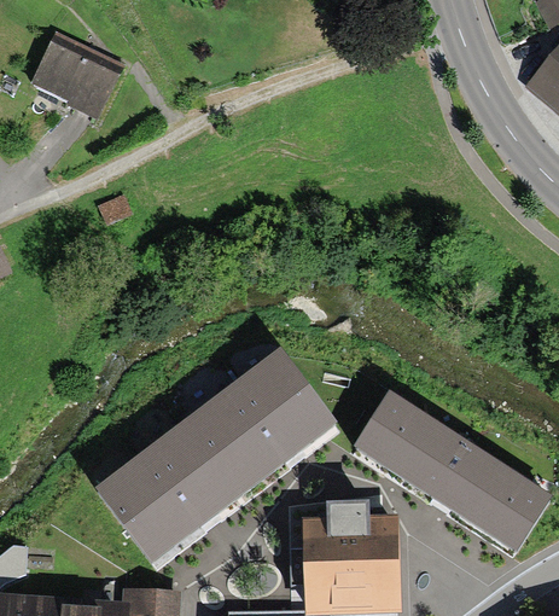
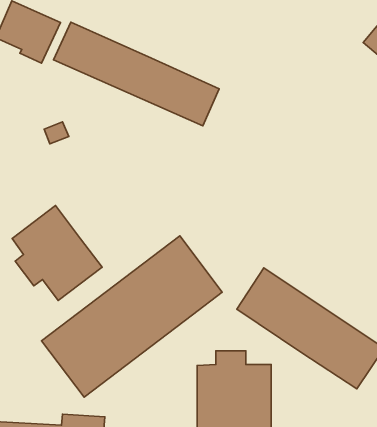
building: none -> [53,22,219,126]
building: none -> [12,206,102,301]

